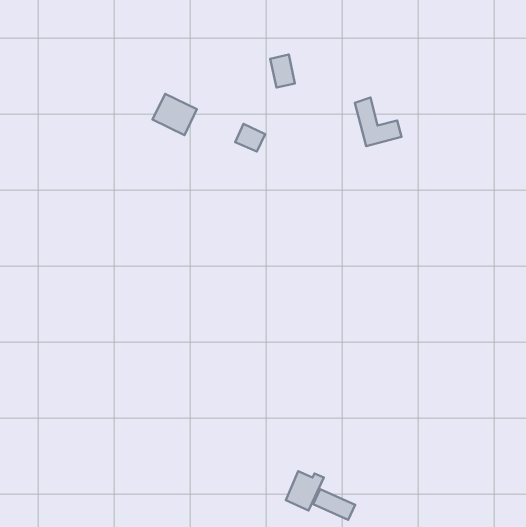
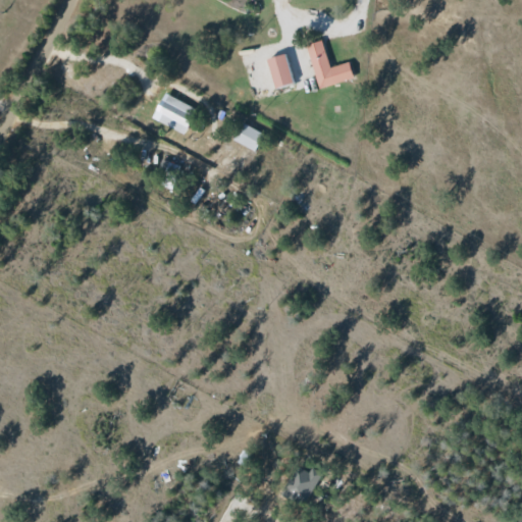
building: [355,98,401,146] -> [307,40,353,88]
building: [313,489,355,520] -> none

